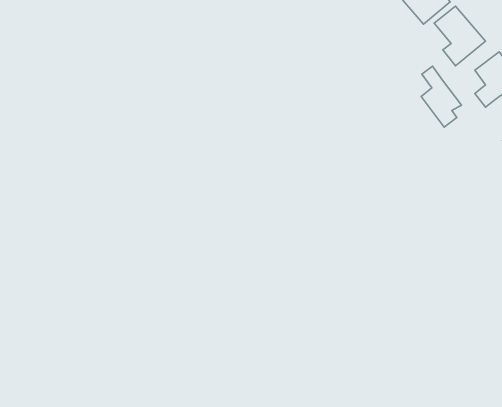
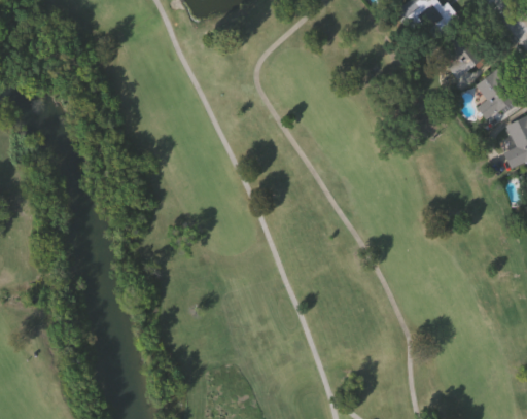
building: [421,66,462,127] -> none

